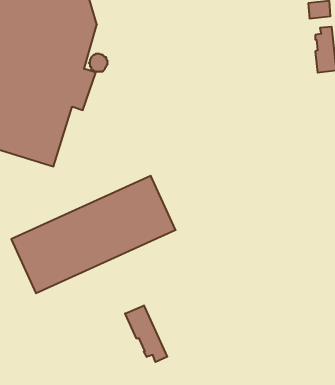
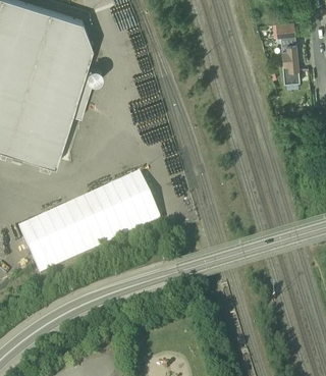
building: [125,305,167,362] -> none

